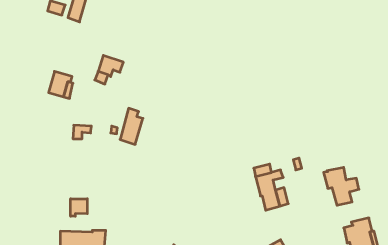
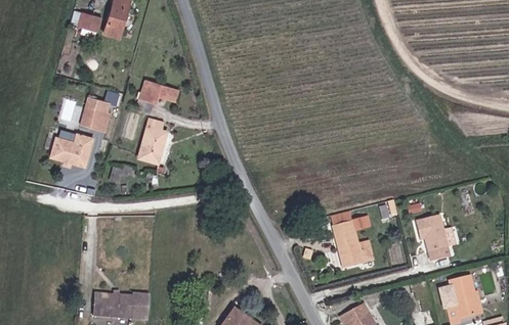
building: none -> [49,133,92,166]
building: [120,108,143,144] -> [139,119,167,162]
building: [71,199,87,216] -> none

